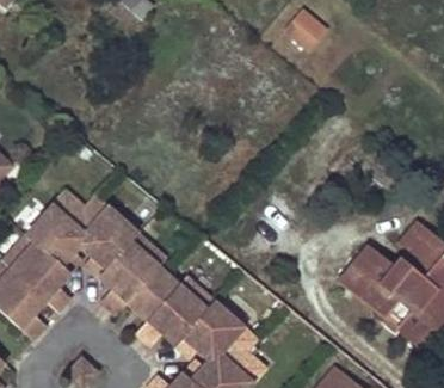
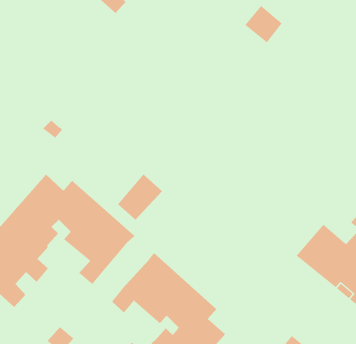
building: [128,266,178,318] -> [117,174,163,221]

